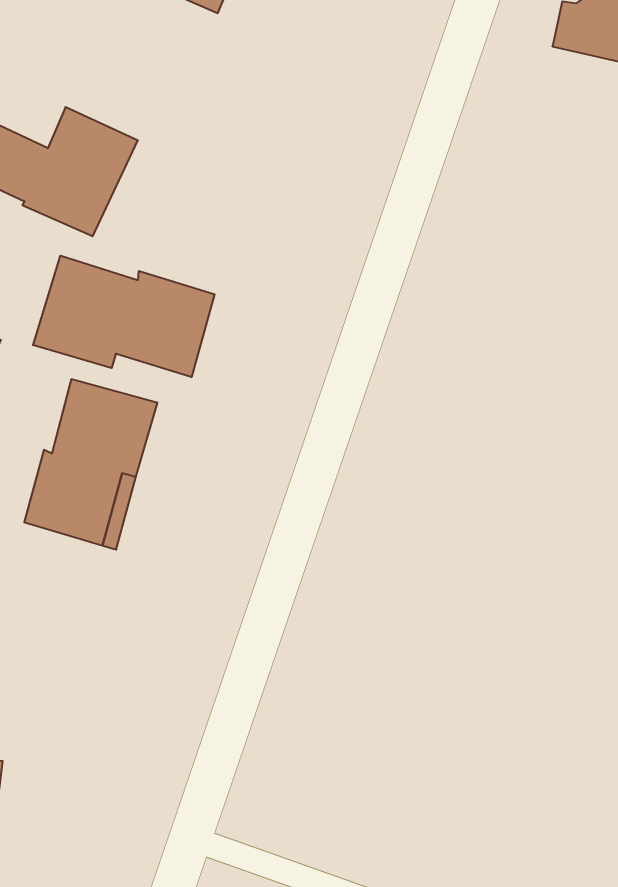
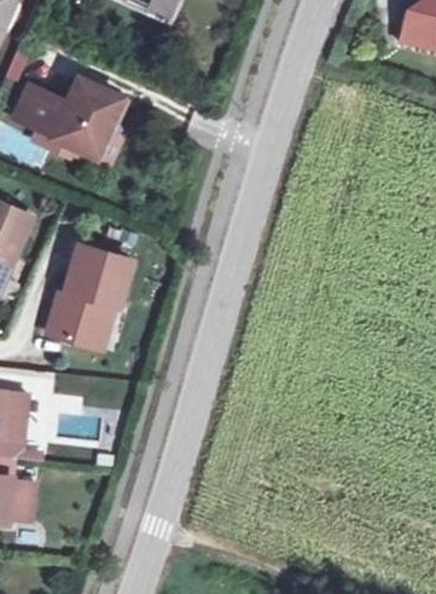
building: [33,256,215,377] -> none

